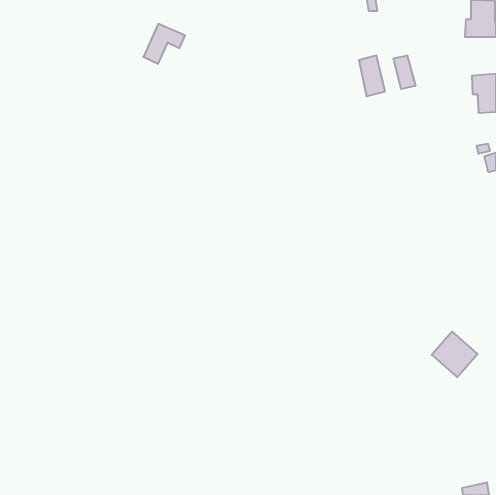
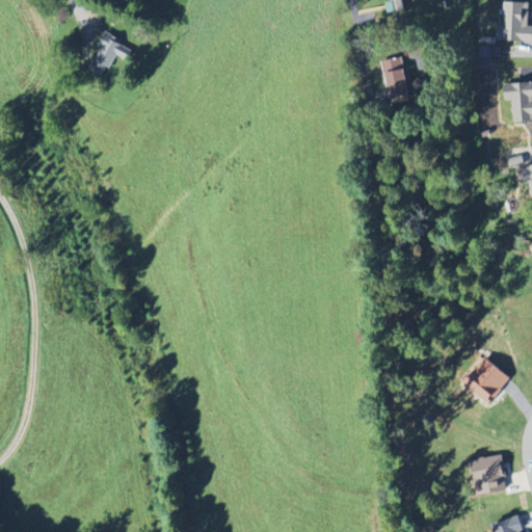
building: [143,24,185,64] -> [88,33,133,76]
building: [394,55,415,89] -> none
building: none -> [470,453,509,494]

